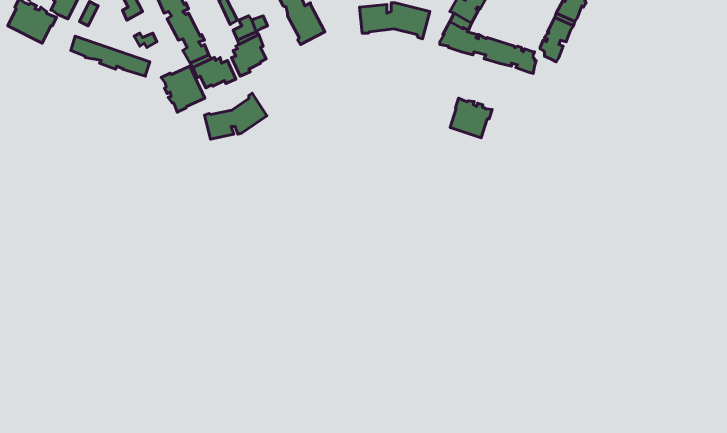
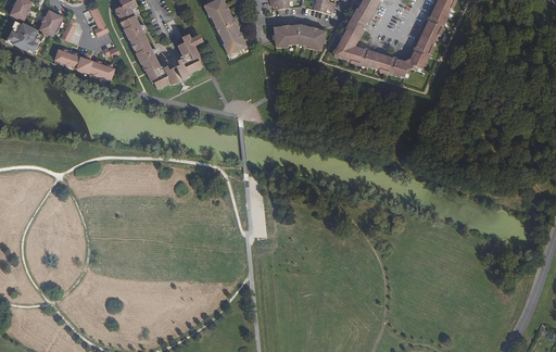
building: [161,66,205,112] -> none
building: [204,93,267,139] -> none
building: [450,98,492,138] -> none

